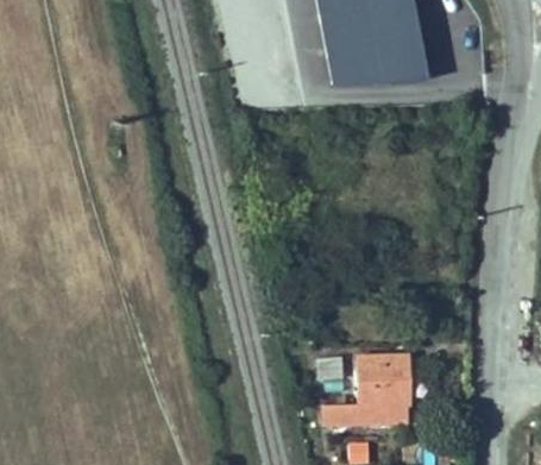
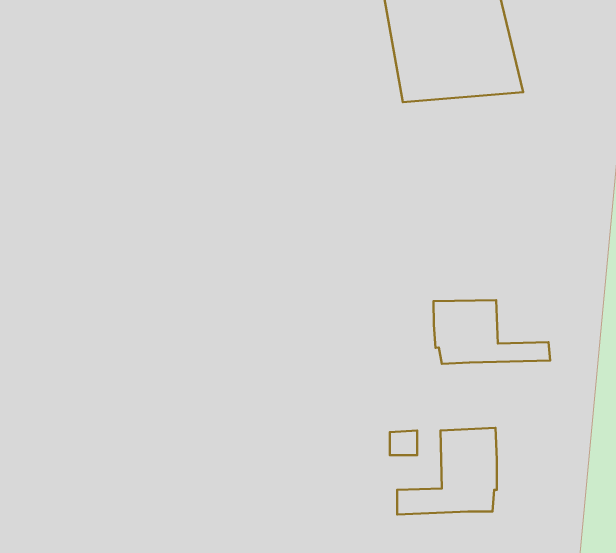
building: none -> [434,300,550,364]

